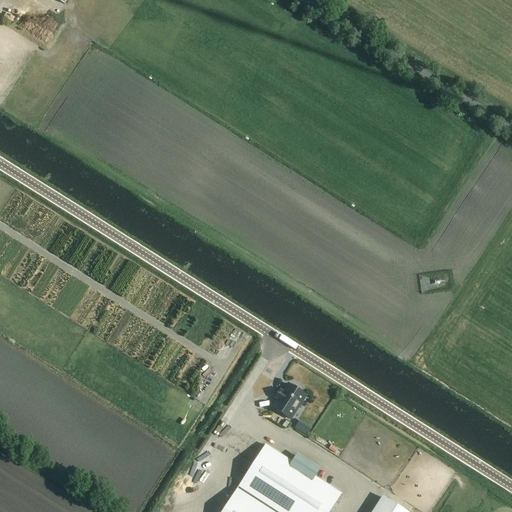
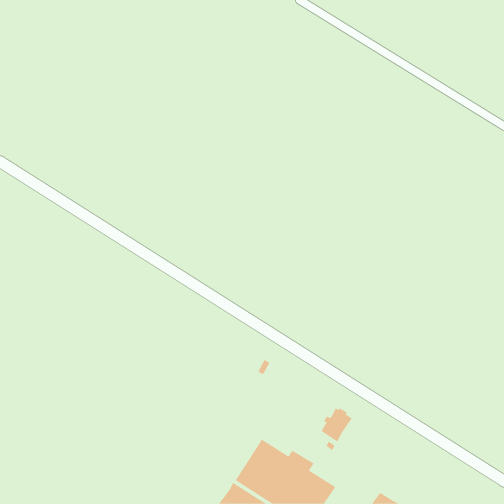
building: [273,383,305,418] -> [321,408,352,442]

